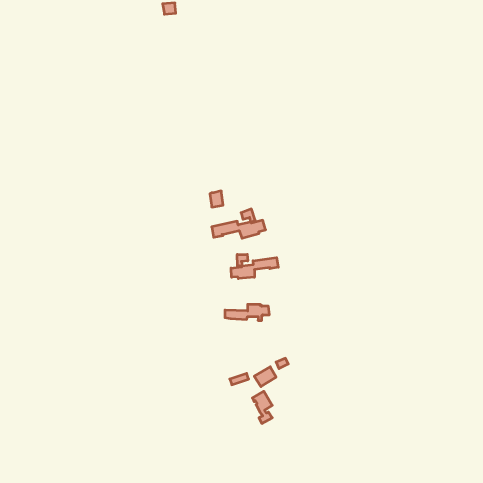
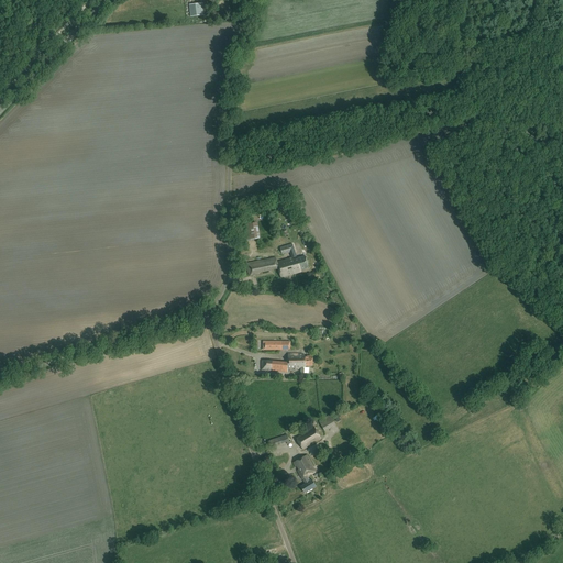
building: [231,254,278,279] -> none

